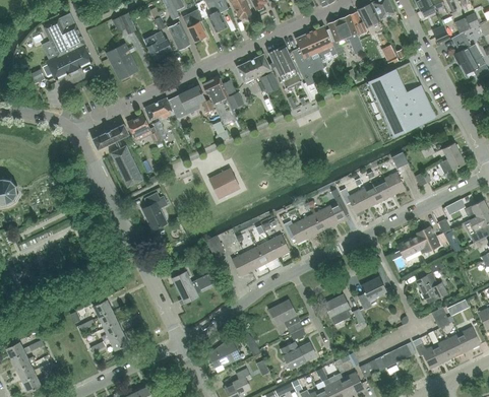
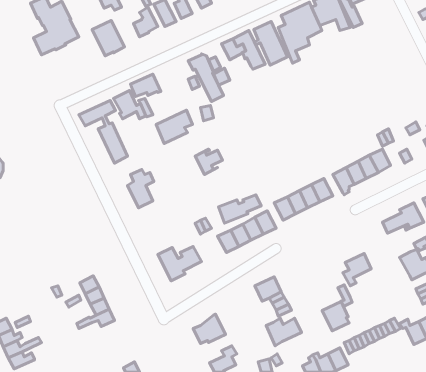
building: [368,64,435,136] -> none
building: [169,84,205,118] -> [156,110,193,144]
building: [323,295,351,325] -> [322,302,349,331]

